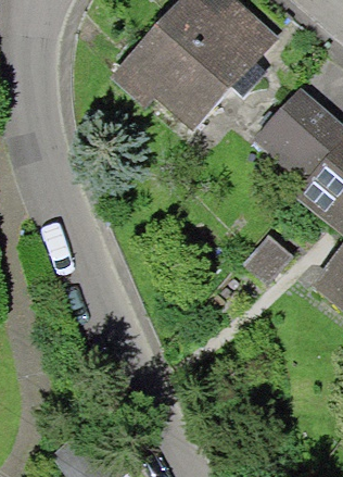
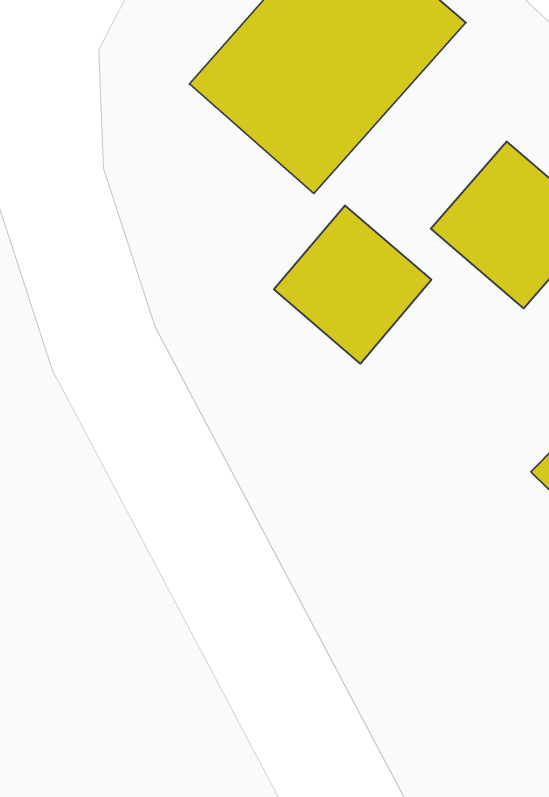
building: none -> [274,205,431,364]

